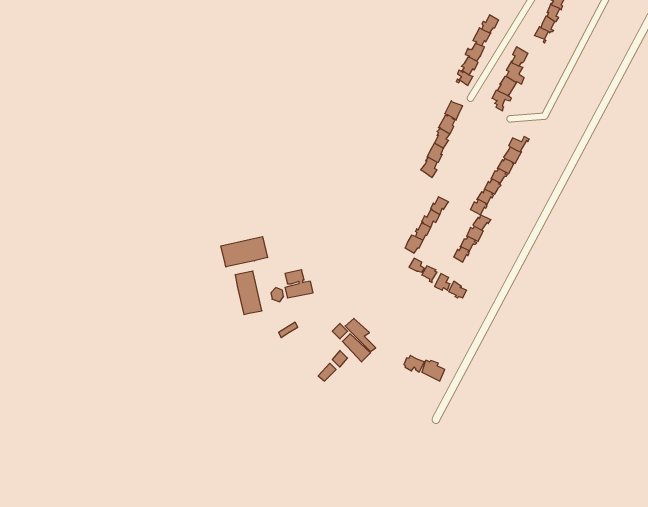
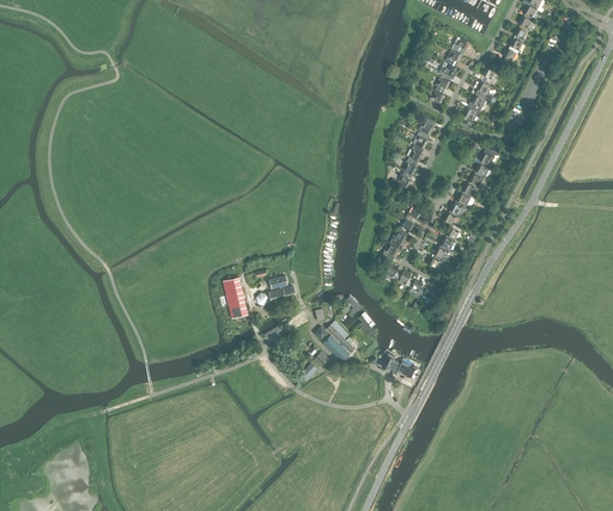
building: [221,237,268,267] -> none

